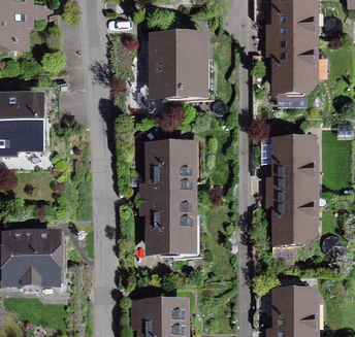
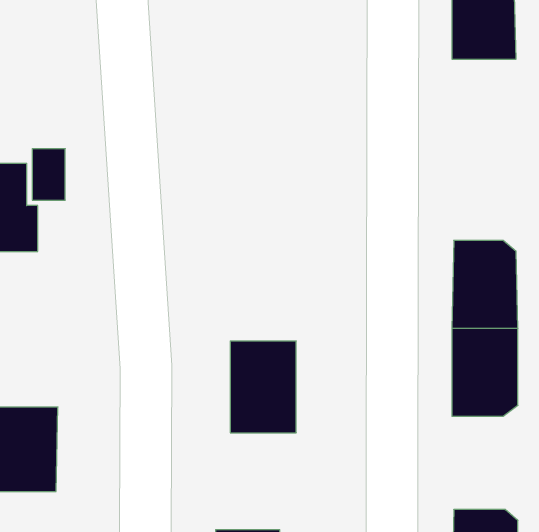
building: [152,41,208,96] -> none
building: [275,41,311,92] -> none
building: [150,148,187,200] -> none

